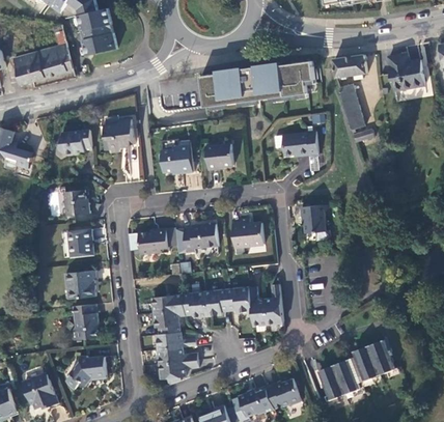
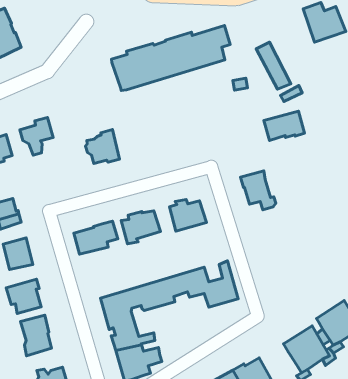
building: [333,55,367,78] -> none
building: [282,132,318,154] -> [264,111,305,140]
building: [205,144,232,170] -> none

